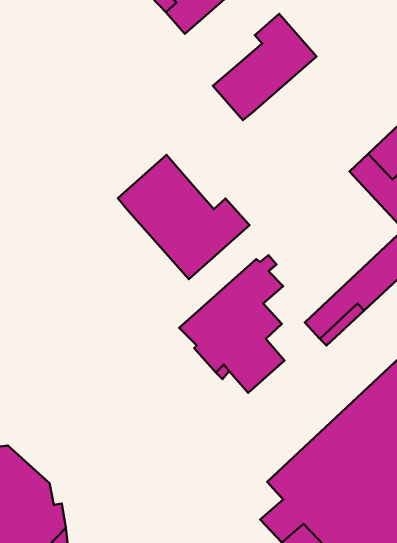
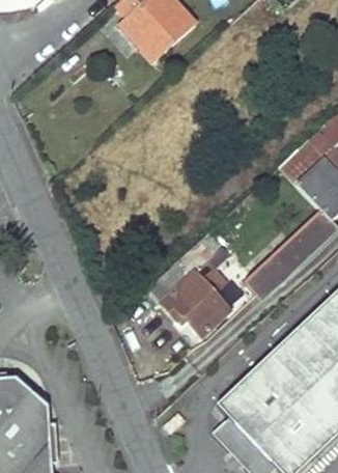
building: [213,14,316,120] -> none
building: [118,155,249,279] -> none

